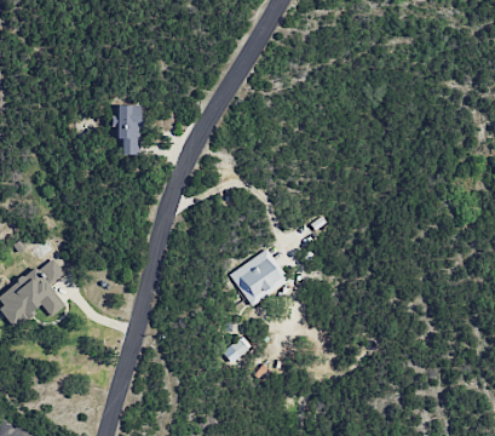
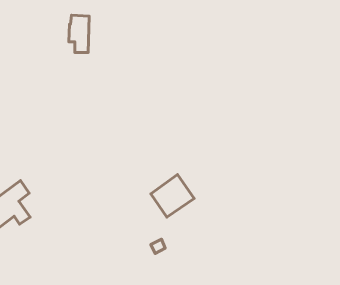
building: [114,104,142,155] -> [69,15,89,53]

